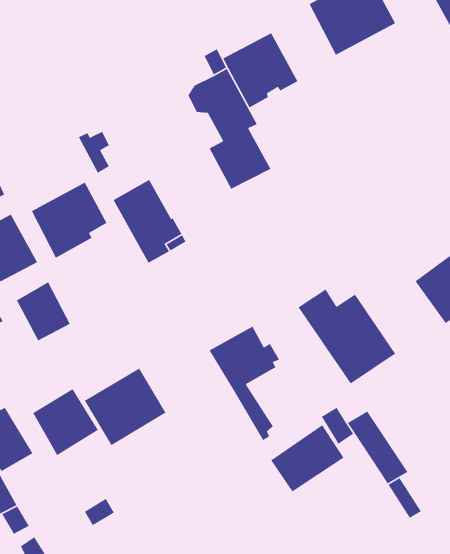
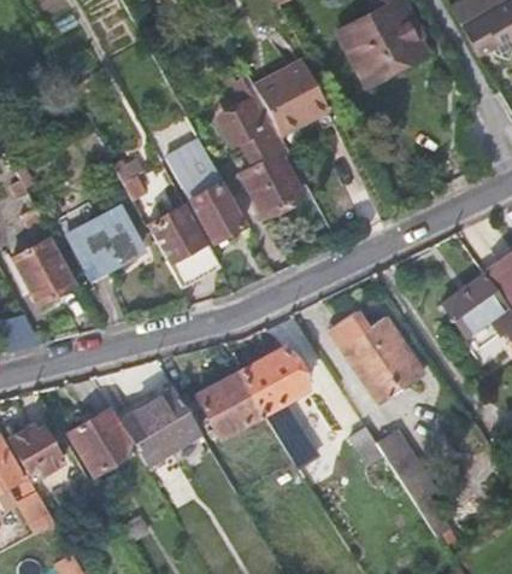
building: none -> [165,139,245,242]
building: [16,281,71,341] -> none
building: none -> [195,371,265,438]
building: [270,424,345,492] -> none

